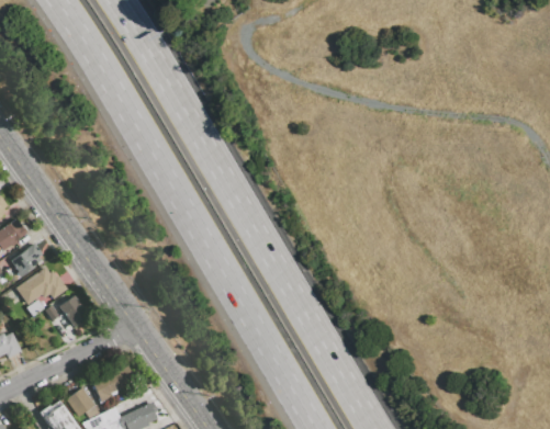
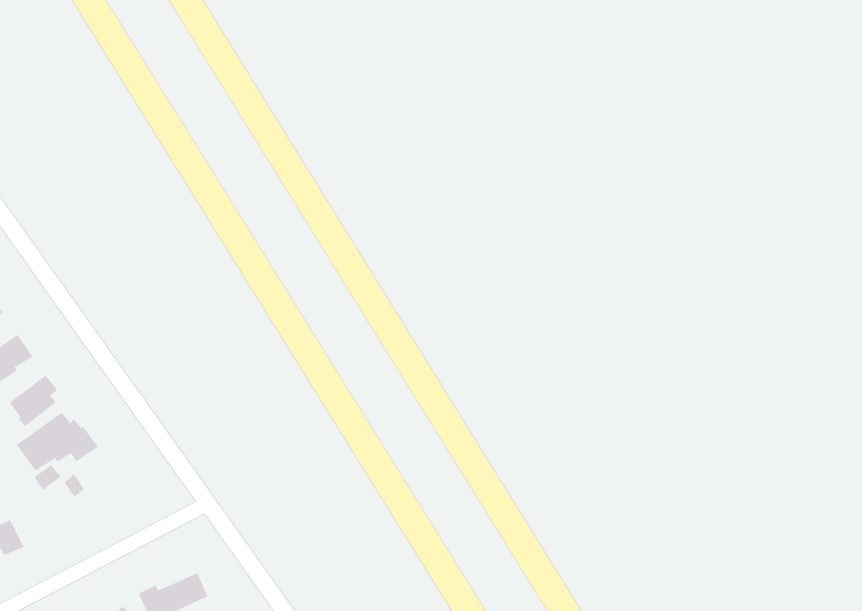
building: [59,296,89,327] -> none

